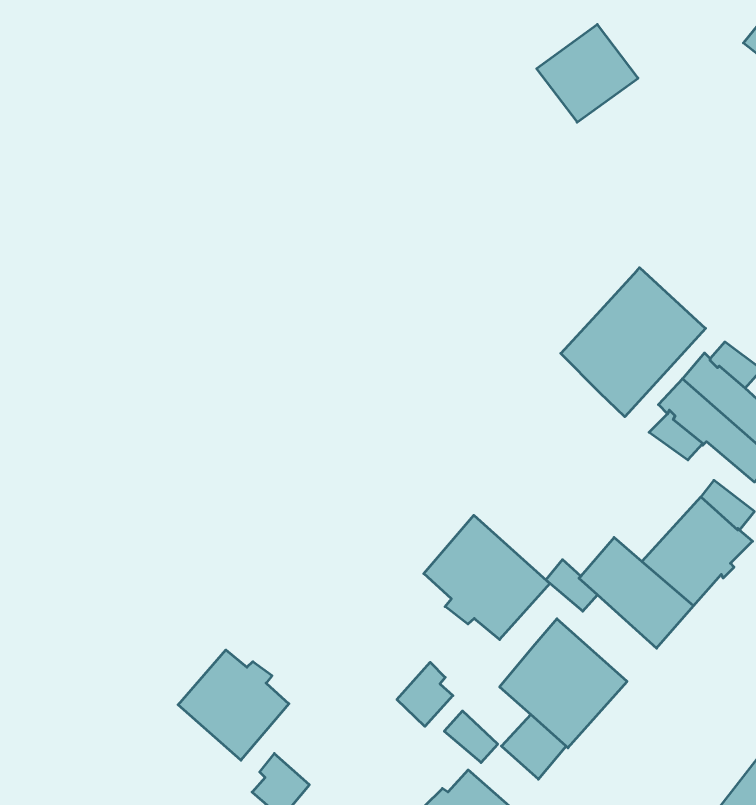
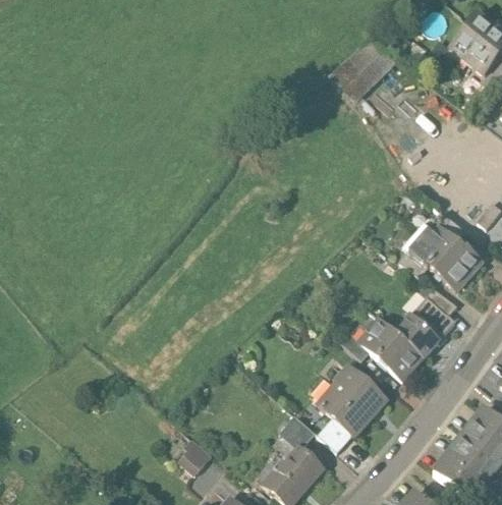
building: [561,268,706,417] -> none
building: [424,515,550,640] -> none
building: [178,650,289,760] -> none
building: [397,662,453,726] -> none

